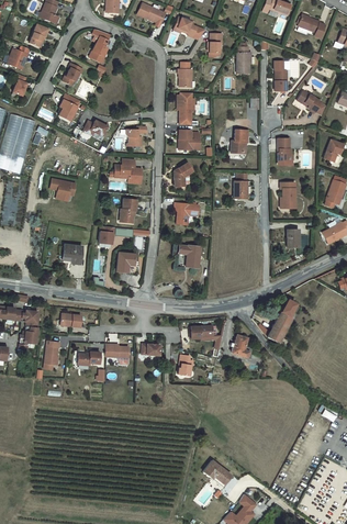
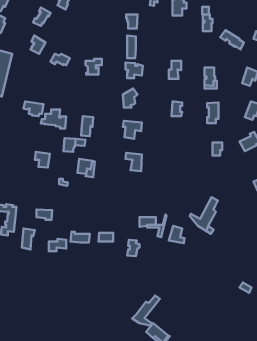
building: [109,158,141,182] -> [41,110,66,129]
building: none -> [132,295,160,326]

